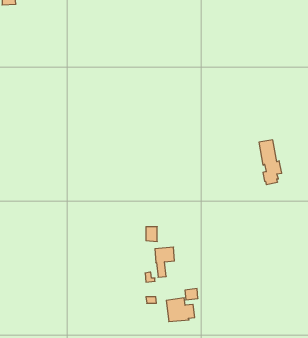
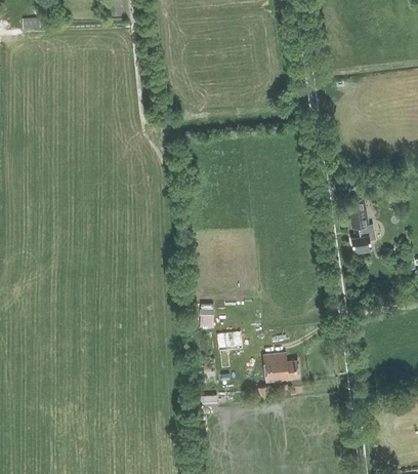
building: [166,298,195,322] -> [263,352,299,382]

